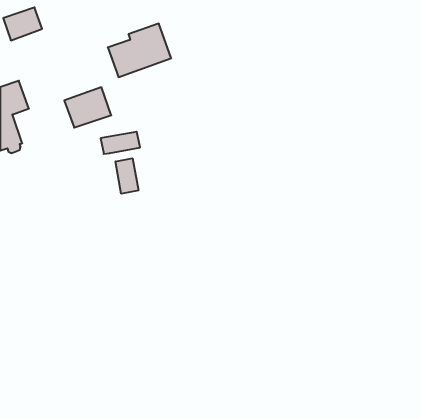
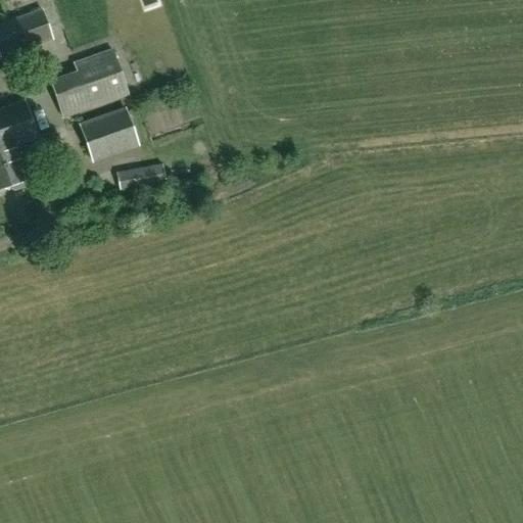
building: [108,24,171,77] -> [49,49,128,115]
building: [116,158,138,194] -> none

